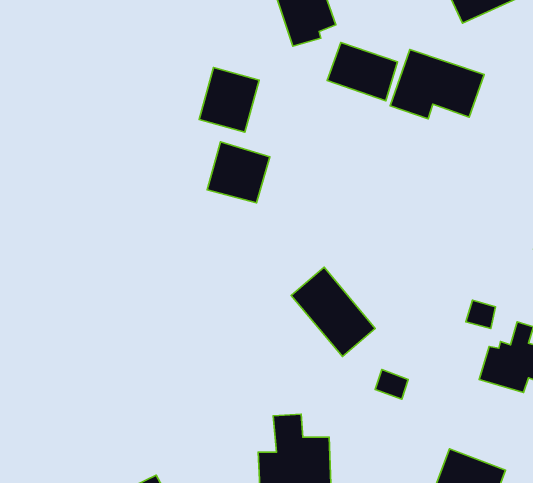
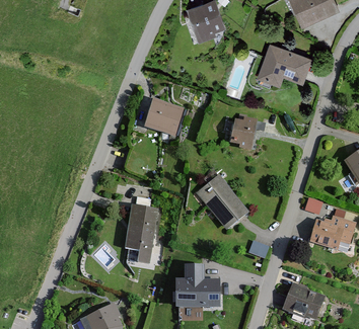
building: [327,43,398,101] -> none
building: [199,67,259,132] -> none
building: none -> [231,116,258,150]
building: none -> [126,204,156,263]

